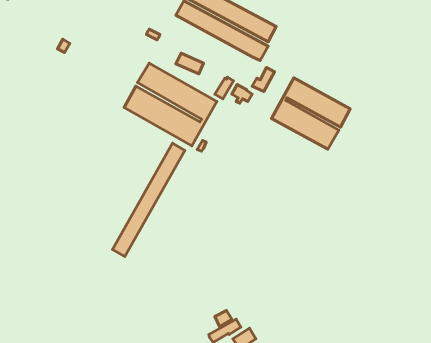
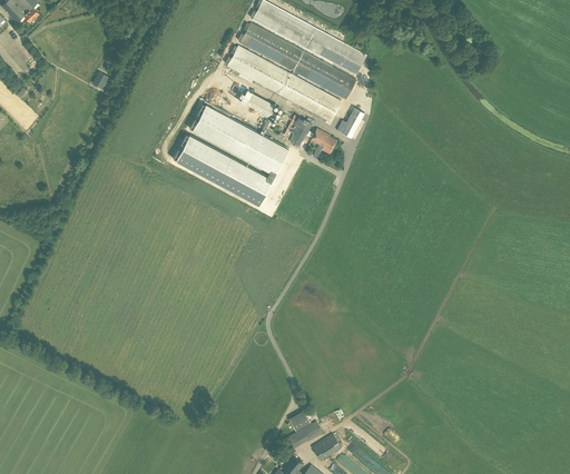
building: none -> [226,47,340,121]
building: [271,78,350,149] -> none
building: [112,143,185,257] -> none

